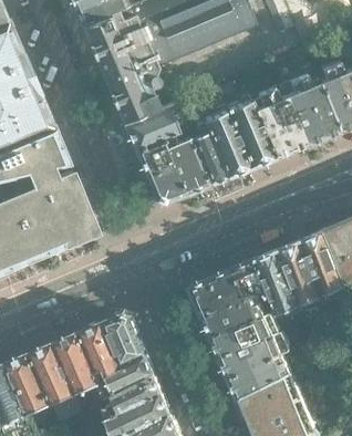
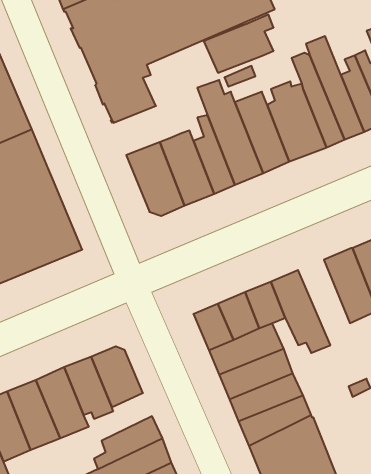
building: [121,101,180,150] -> [204,15,274,73]
building: [280,240,330,315] -> none
building: [102,354,155,398] -> none

